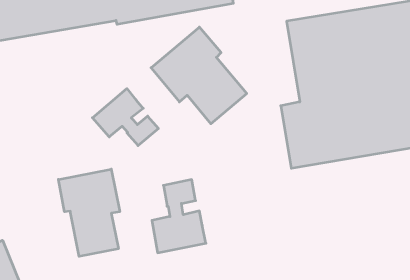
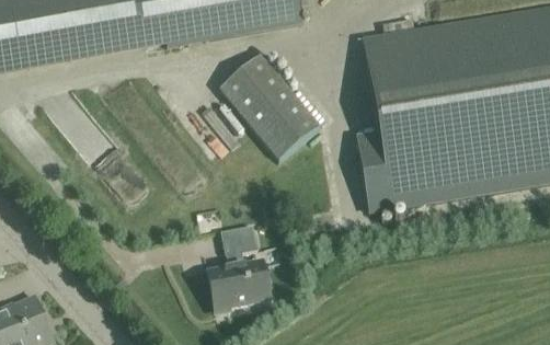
building: [92,89,158,146] -> none
building: [58,169,120,256] -> none

